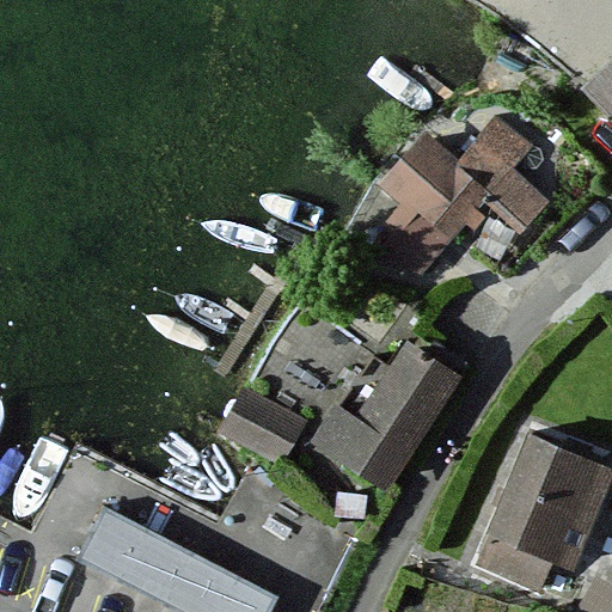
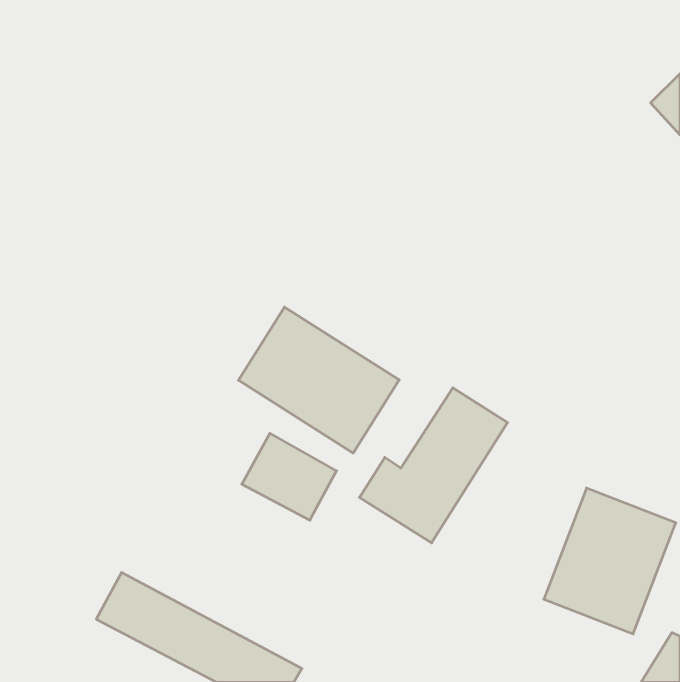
building: [384,116,553,273] -> none
building: none -> [238,307,399,453]

